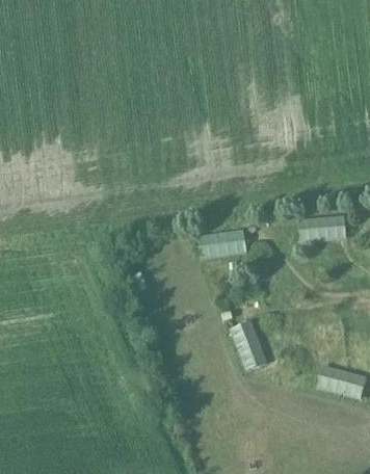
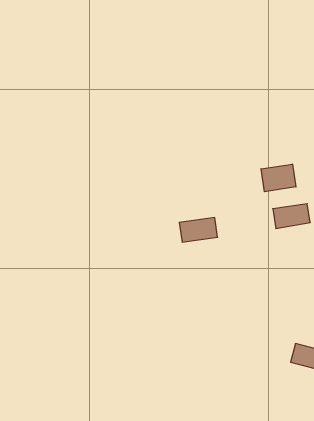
building: none -> [261,164,296,192]
building: [238,322,270,365] -> none

